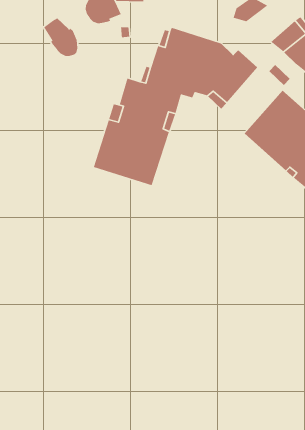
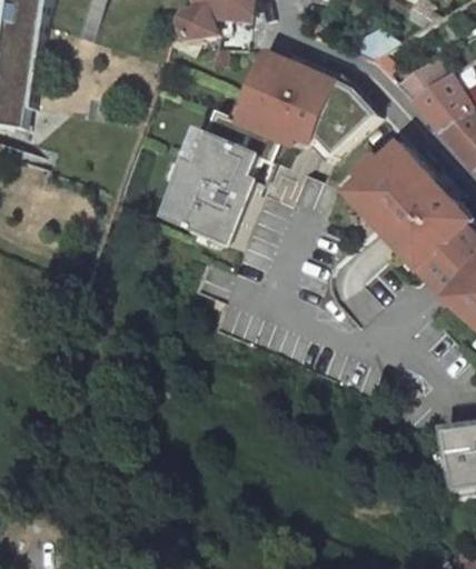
building: [43,18,78,57] -> none

